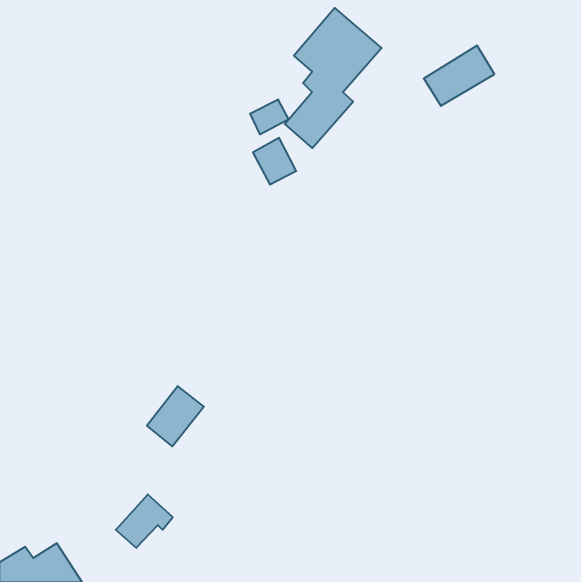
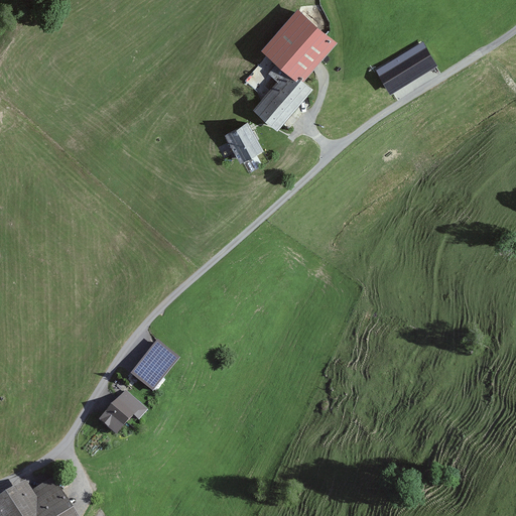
building: [250,99,288,134] -> none
building: [116,494,173,548] -> [97,391,147,438]

